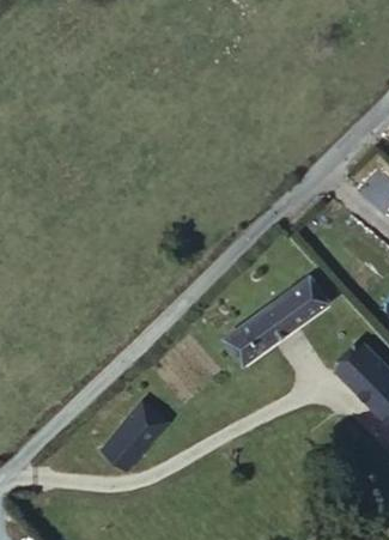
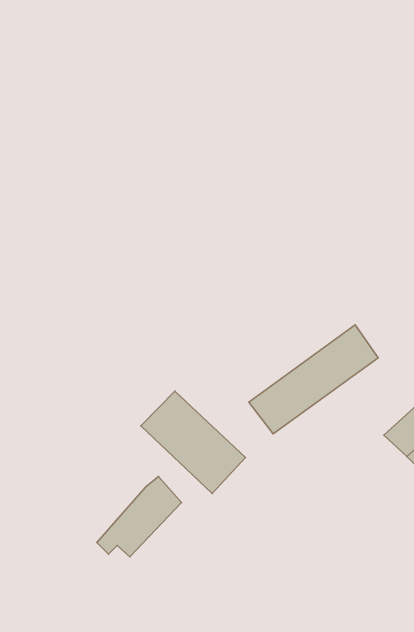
building: none -> [141,391,245,494]

